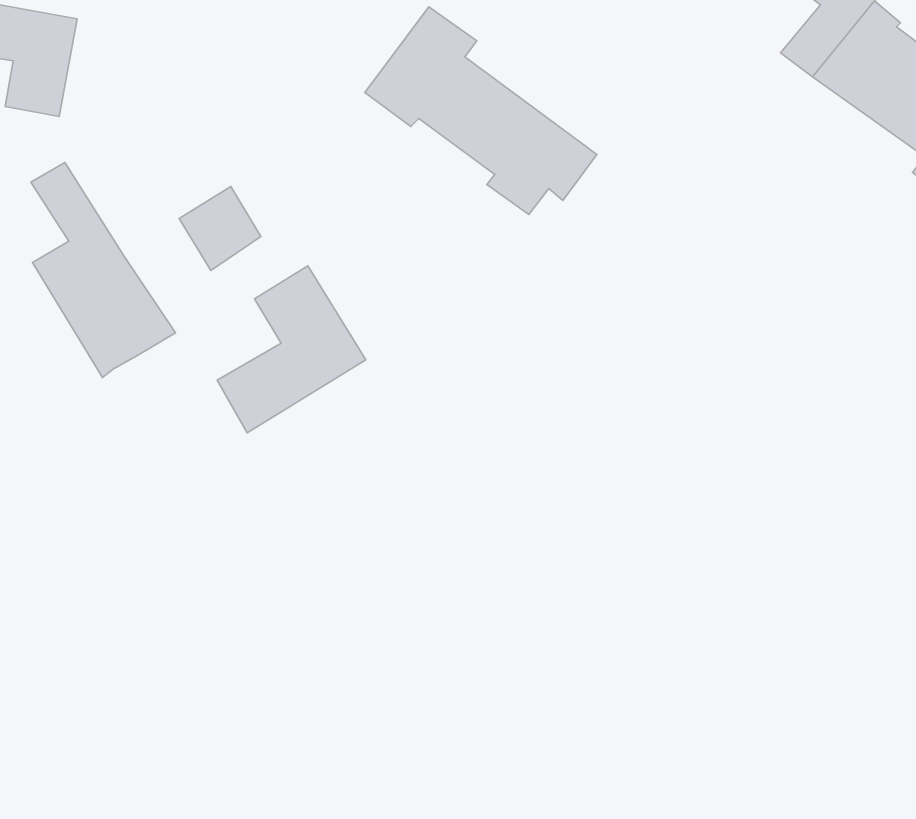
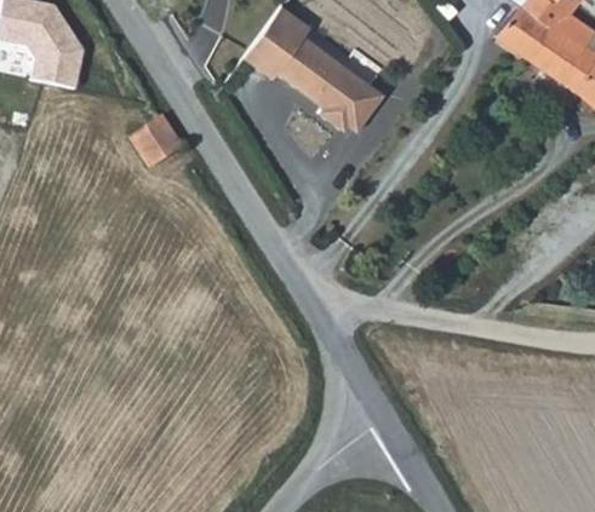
building: [31,163,176,378] -> none
building: [217,266,366,433] -> none

